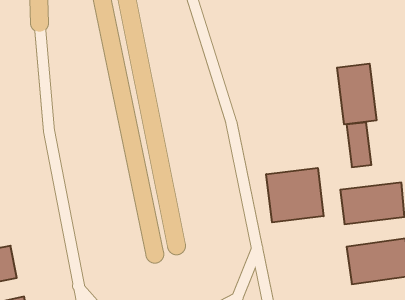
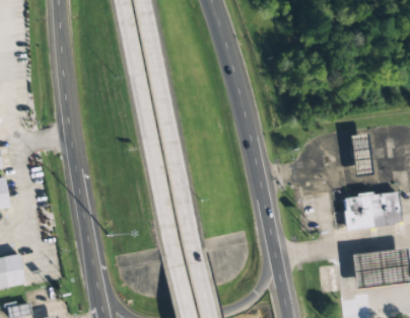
building: [337,64,376,124] -> none
building: [266,168,324,222] -> none

